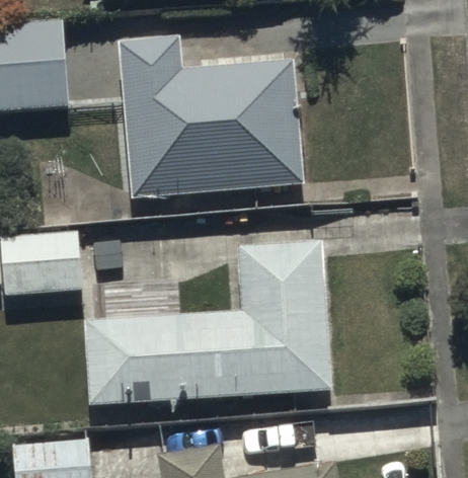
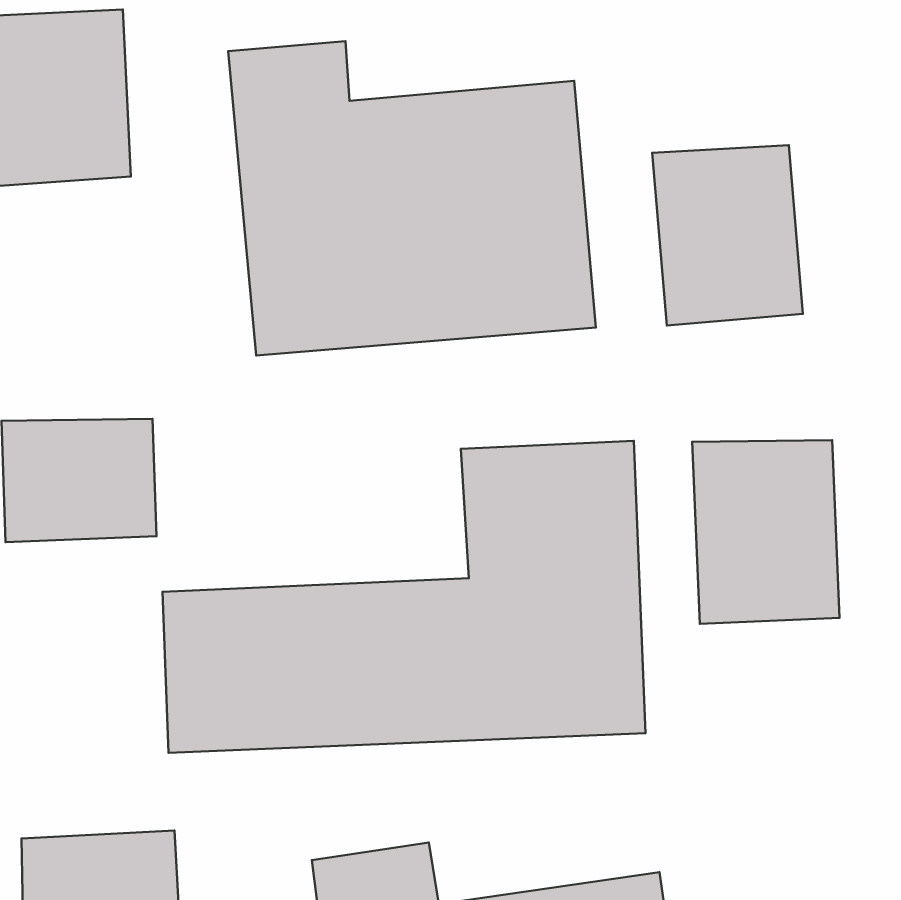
building: none -> [652,145,803,325]
building: none -> [692,440,840,624]

